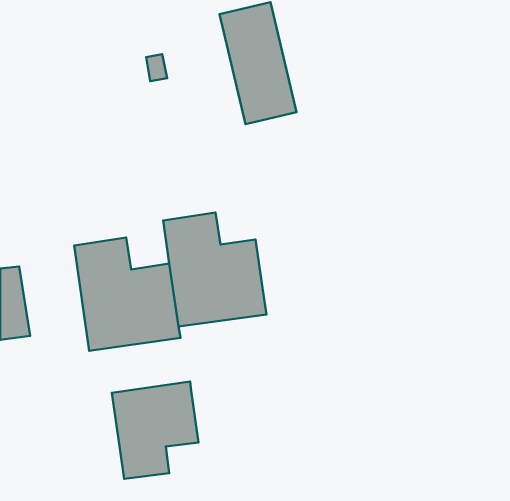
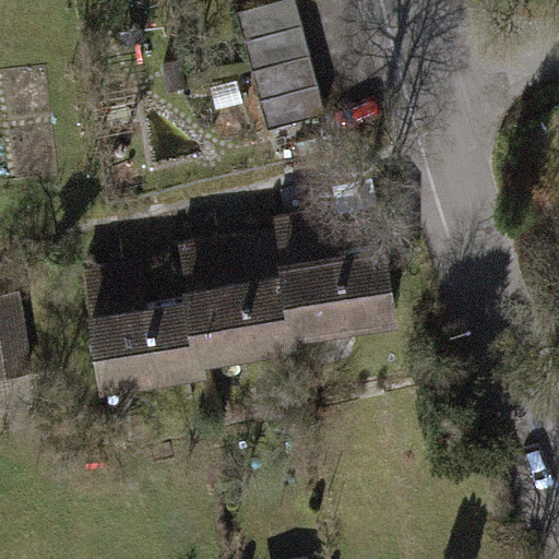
building: none -> [273,218,399,341]
building: [112,382,199,479] -> none

